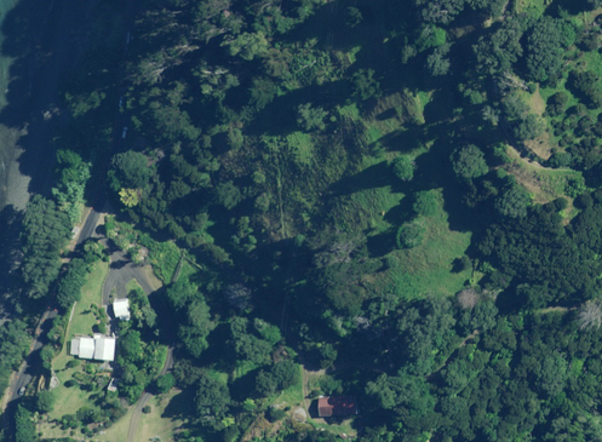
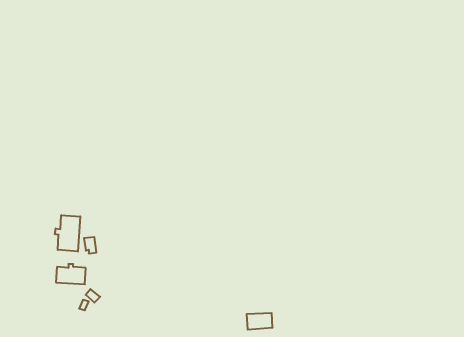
building: none -> [55,215,80,252]

